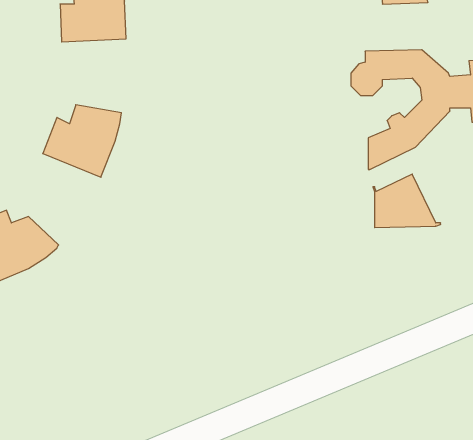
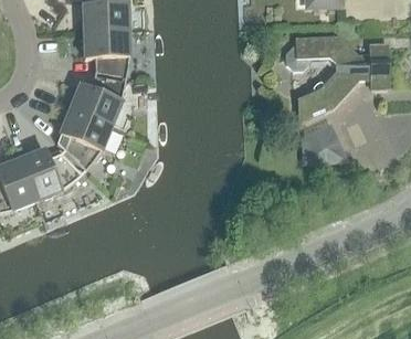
building: none -> [83,29,128,76]
building: none -> [60,109,110,170]

